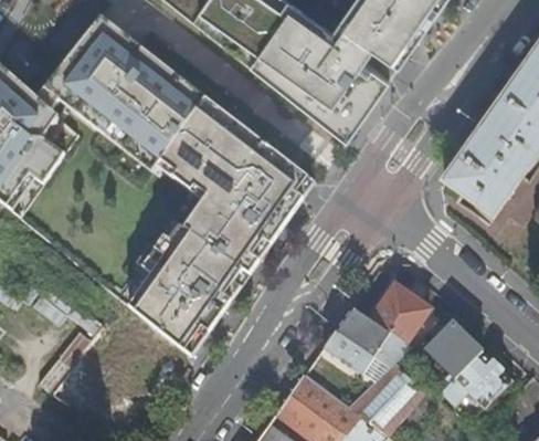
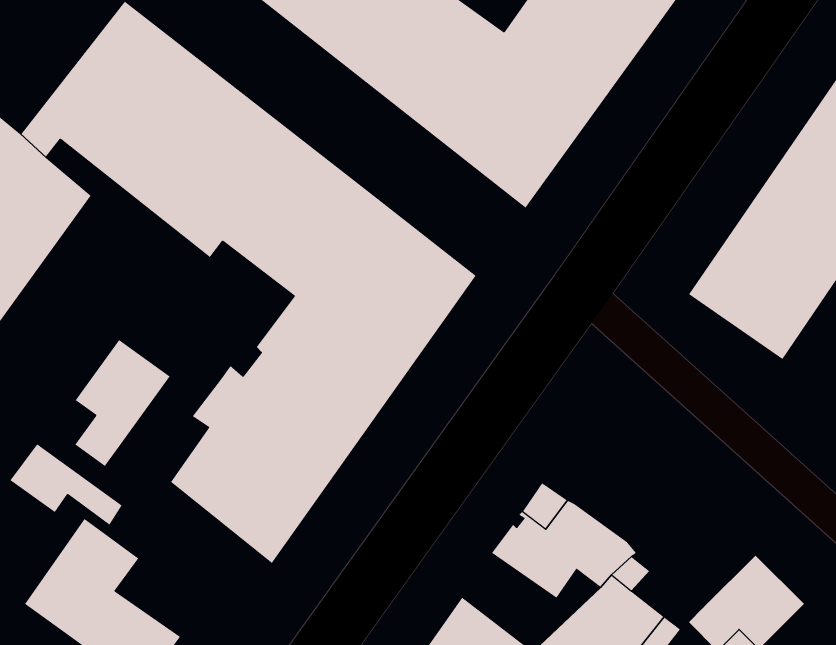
building: none -> [75,339,170,467]
building: [372,283,429,340] -> none
building: [424,319,482,380] -> none

